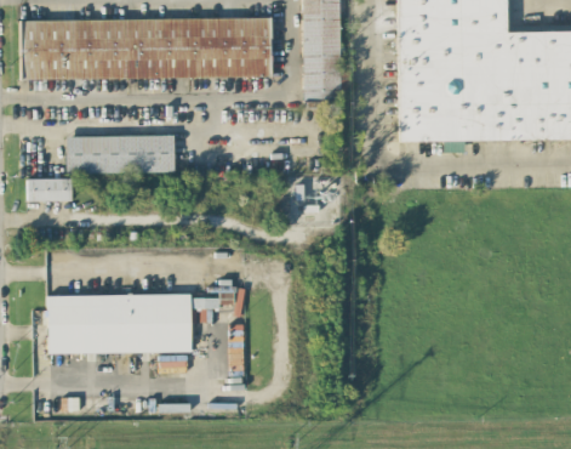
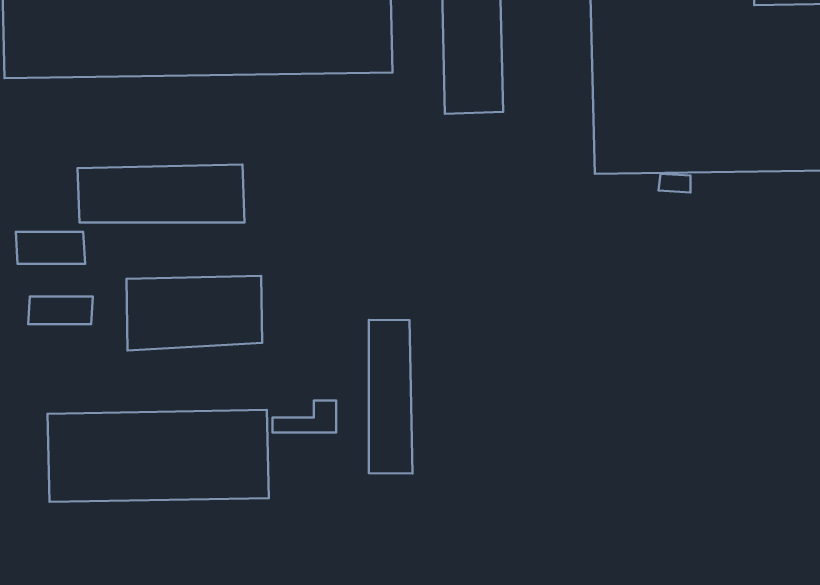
building: none -> [126,276,262,351]
building: none -> [28,297,93,324]
building: none -> [369,320,412,474]

